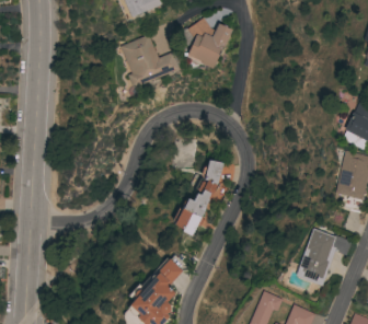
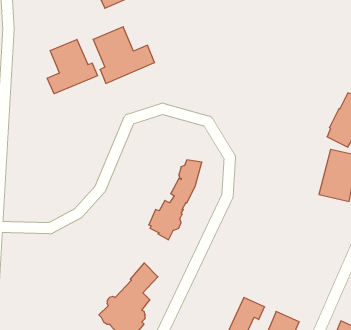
building: [186,19,232,69] -> none
building: none -> [47,39,98,94]
building: [295,229,352,287] -> none

